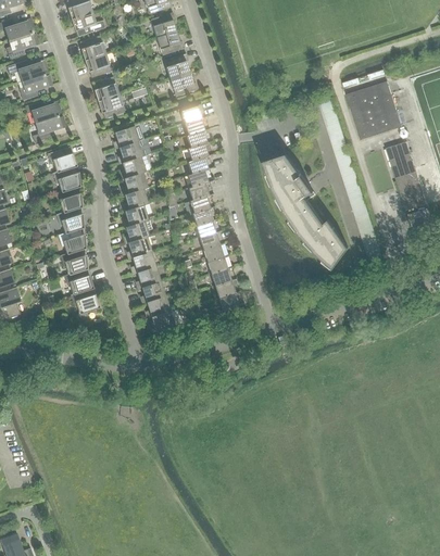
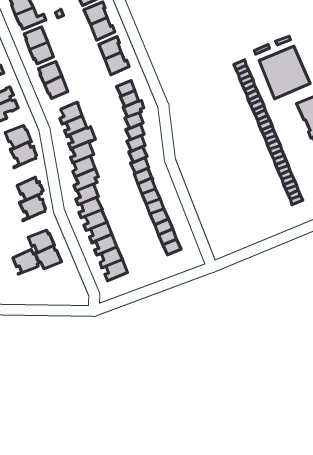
building: [263,153,348,268] -> none
building: [54,187,84,215] -> none
building: [60,249,89,276] -> [13,250,39,274]

